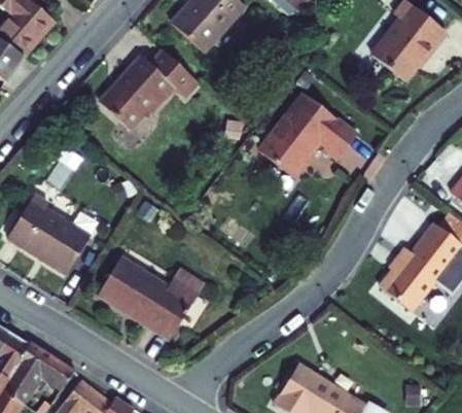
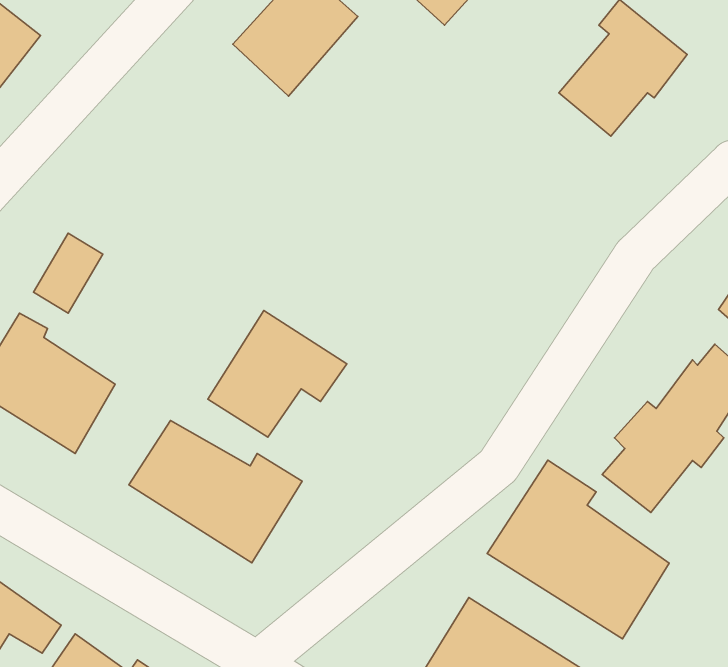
building: [103,50,206,133] -> none
building: [261,92,358,174] -> none
building: none -> [208,311,347,437]
building: none -> [487,460,669,639]

